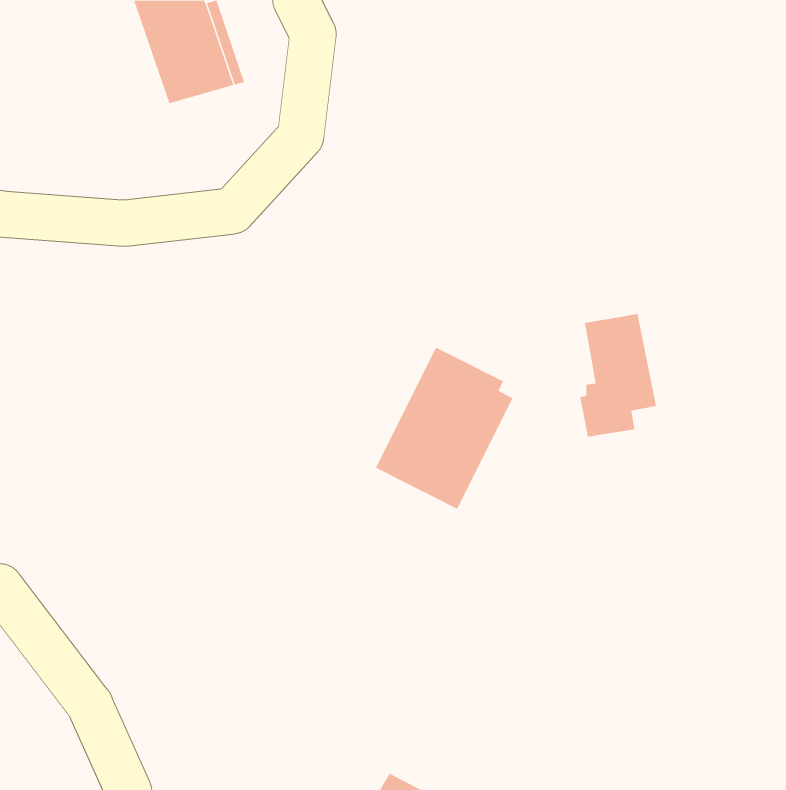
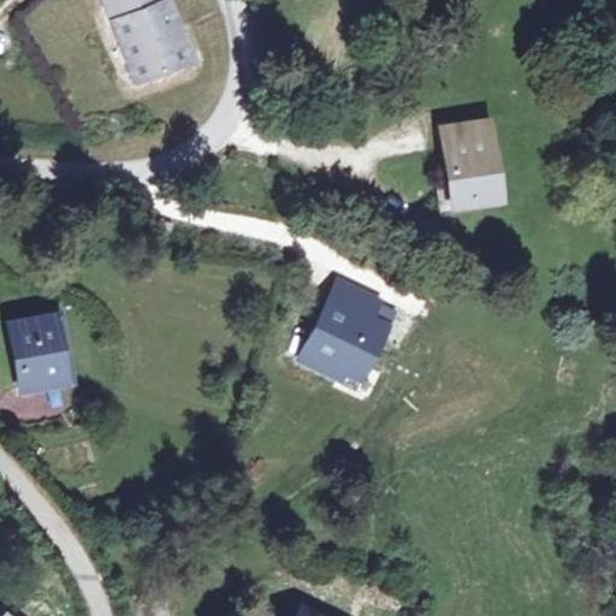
building: [579,313,657,437] -> [432,111,492,207]
building: none -> [18,327,70,393]

